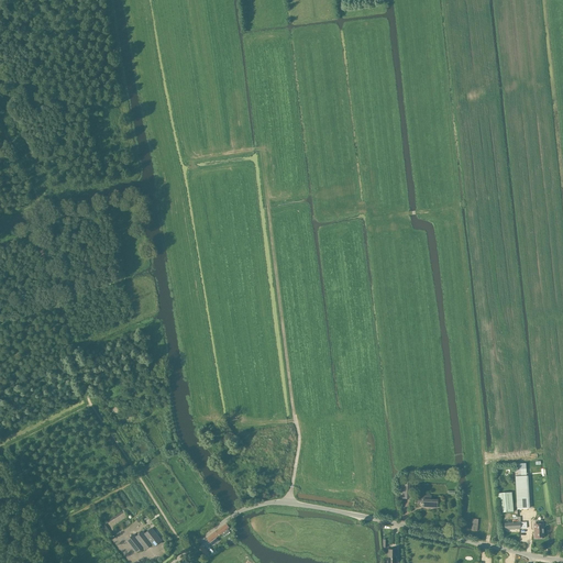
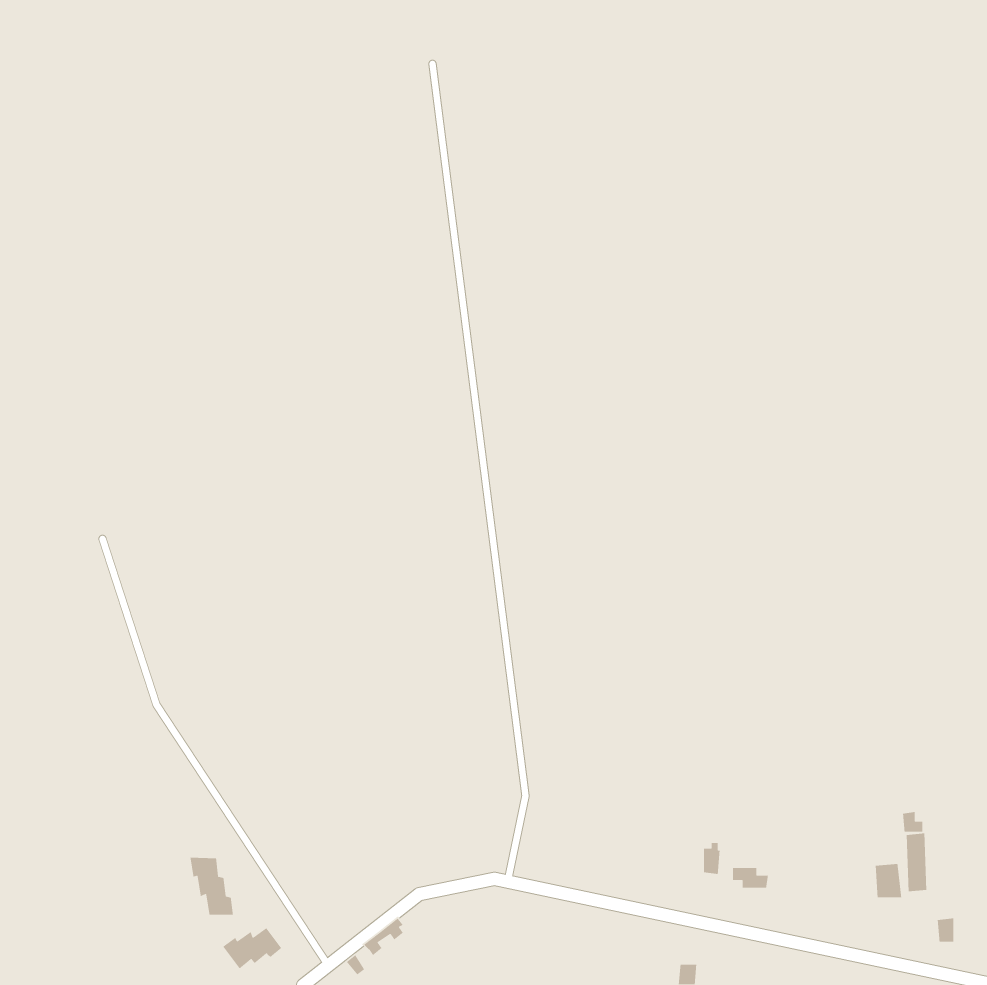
building: none -> [189,857,234,916]

